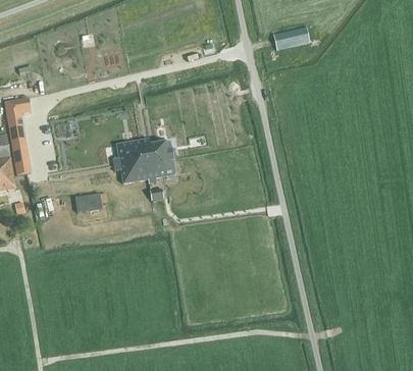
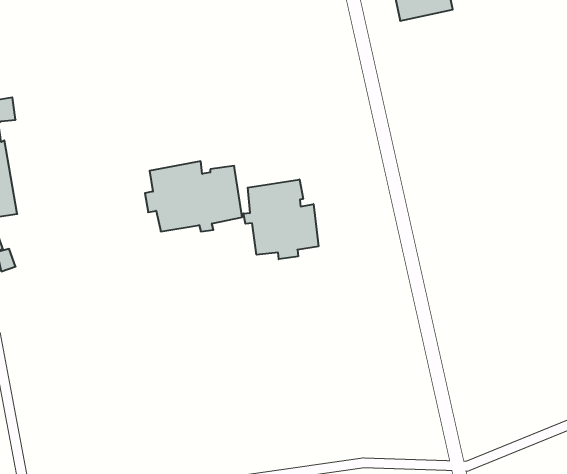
building: none -> [243,179,318,259]
building: [73,193,101,211] -> none

